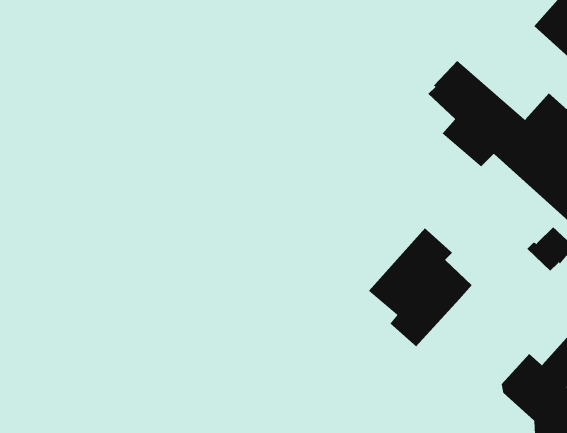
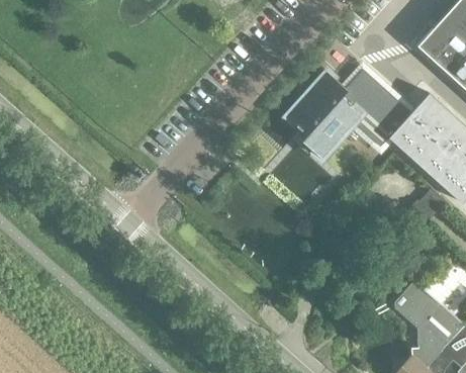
building: [368,227,473,347] -> [286,72,361,158]

